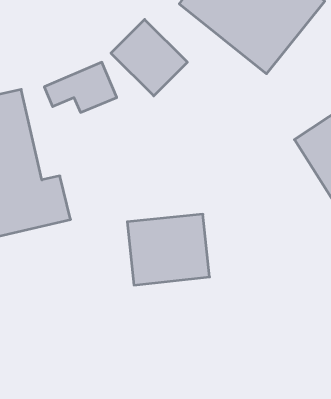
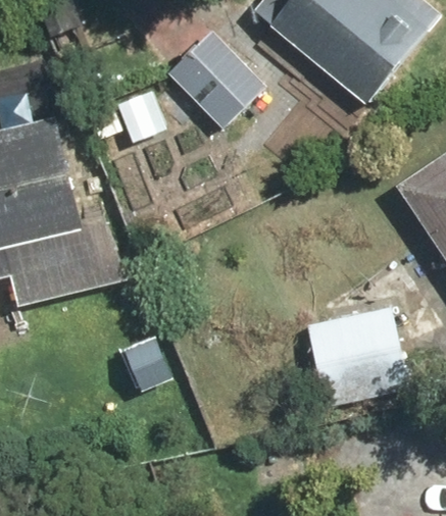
building: [127,214,210,285] -> [306,310,408,398]

